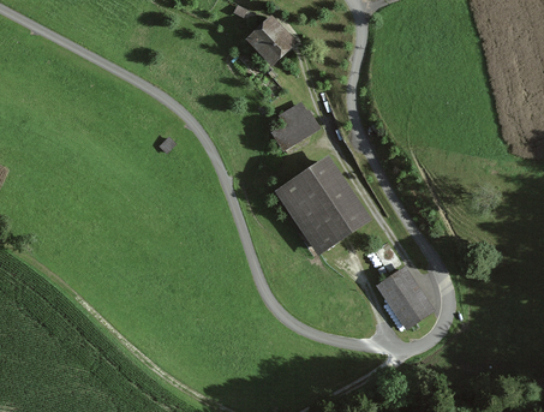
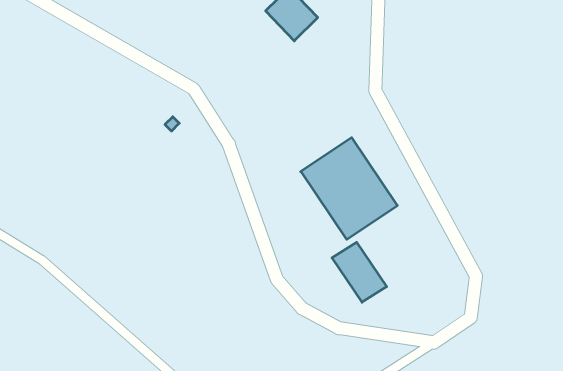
building: [270,106,311,147] -> none
building: [377,269,428,324] -> [332,242,387,302]

